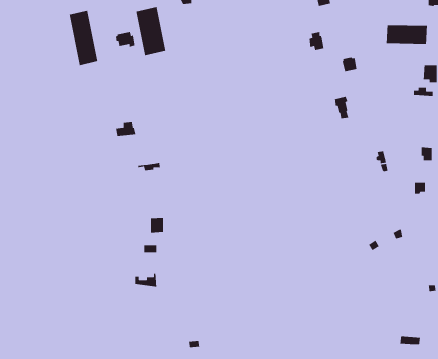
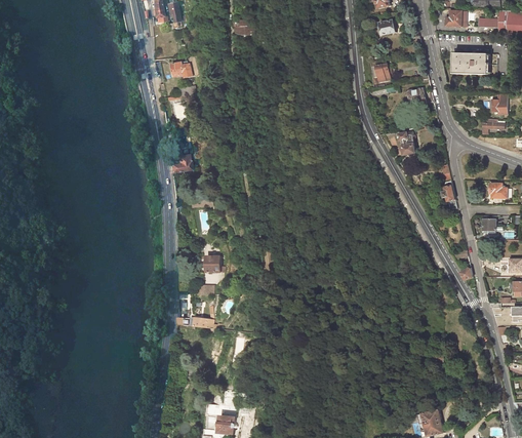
building: [135,6,166,56] -> none
building: [69,10,98,66] -> none

